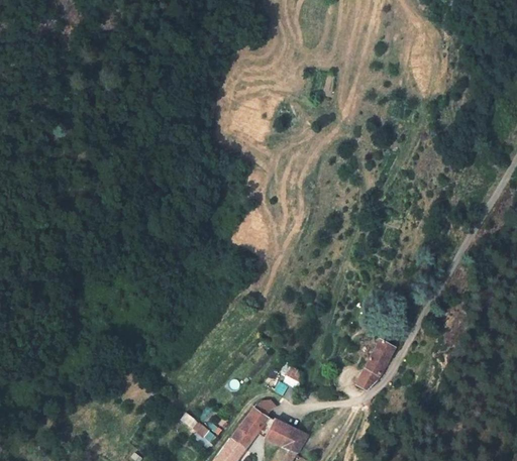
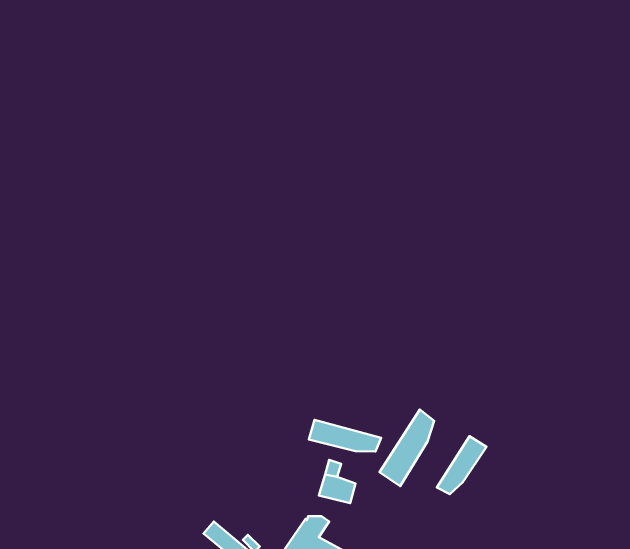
building: none -> [380,409,434,486]
building: none -> [309,420,381,452]

